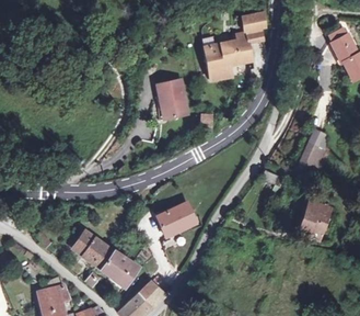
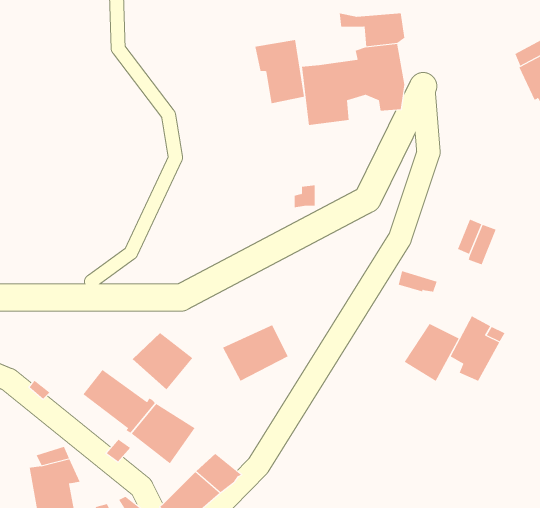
building: [153,78,184,117] -> [255,39,305,104]
building: none -> [404,323,459,382]
building: none -> [132,332,193,390]

